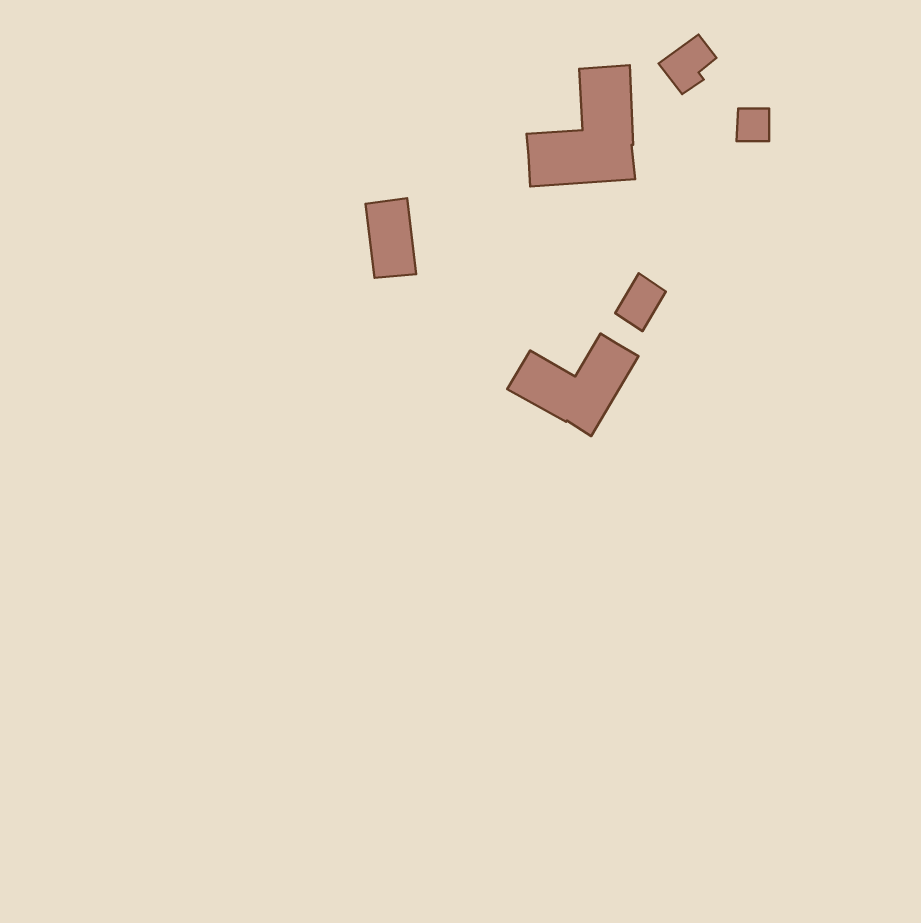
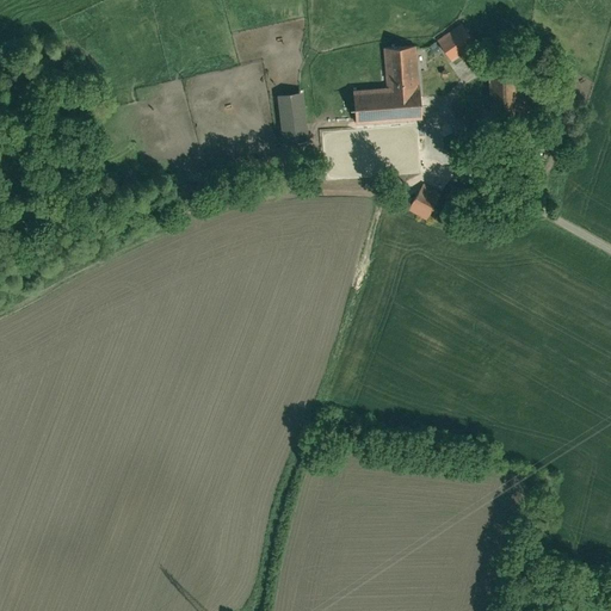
building: [366,198,416,278] -> [276,91,309,143]
building: [507,334,639,436] -> none

